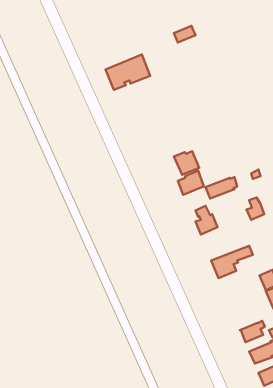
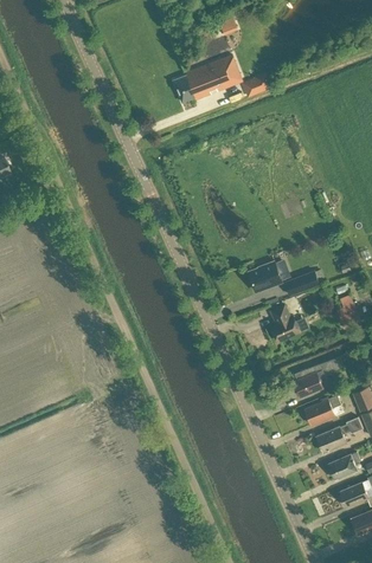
building: [105,55,150,90] -> [185,54,242,99]
building: [174,151,199,175] -> none
building: none -> [304,395,340,425]
building: none -> [315,416,361,452]

